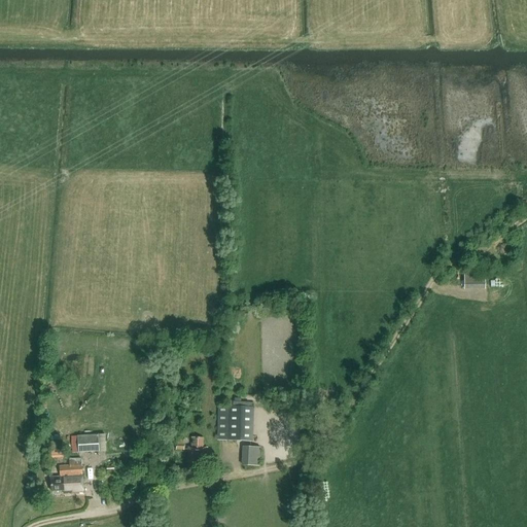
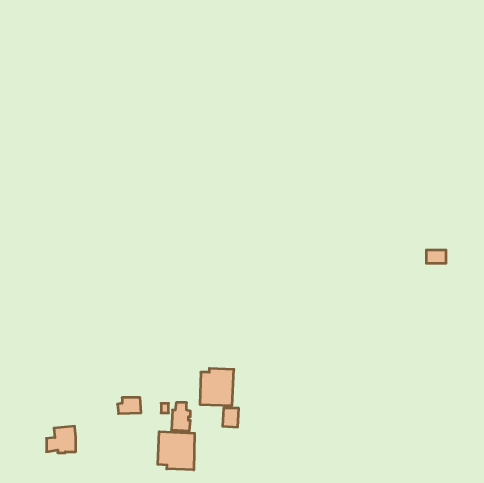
building: [72,434,98,452] -> [117,398,141,414]
building: none -> [158,432,195,470]

